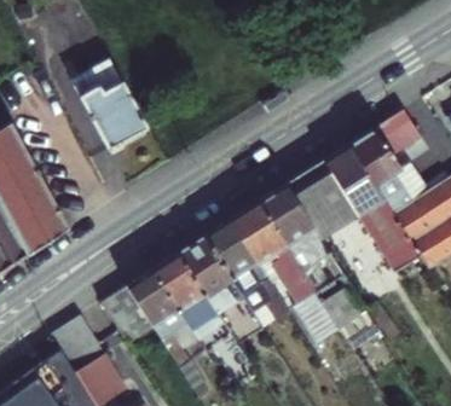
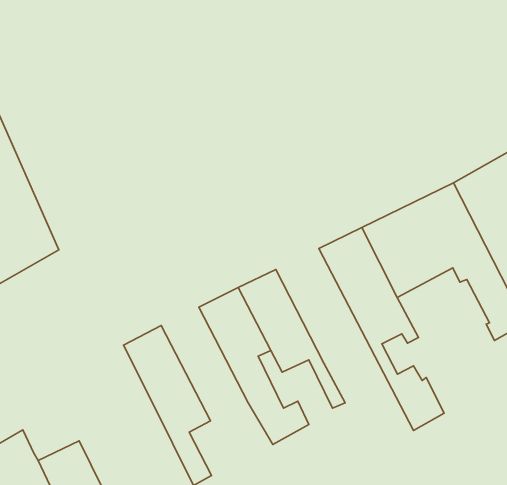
building: [70,59,149,151] -> none
building: [227,205,337,342] -> none
building: [150,256,218,336] -> none
building: [98,289,149,343] -> none
building: [50,319,99,372] -> none

